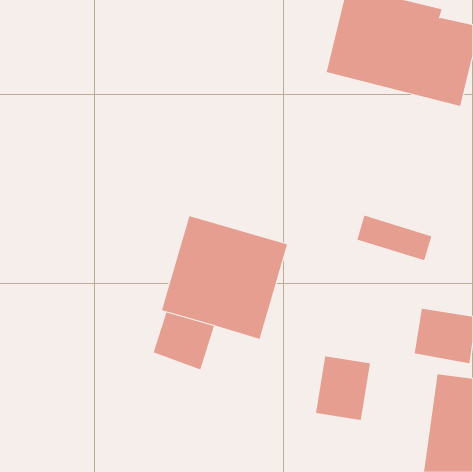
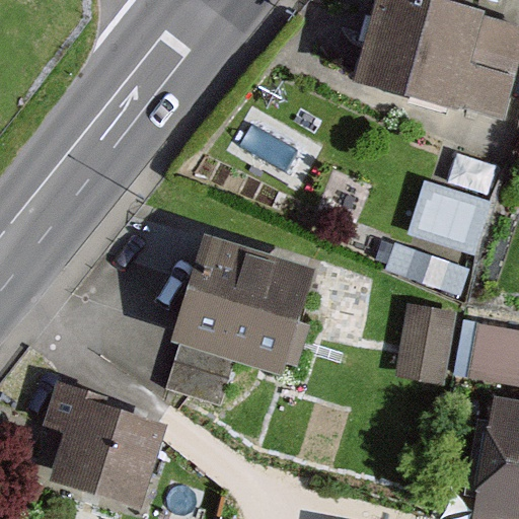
building: none -> [410,171,496,248]
building: none -> [47,381,160,508]
building: [315,356,371,421] -> [387,316,448,387]

